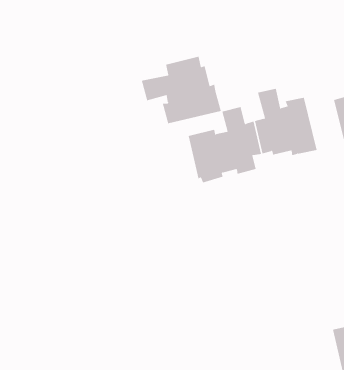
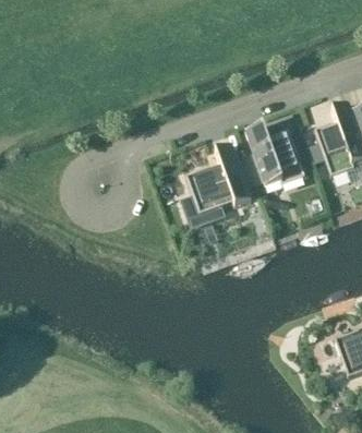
building: [141,56,221,124] -> none

